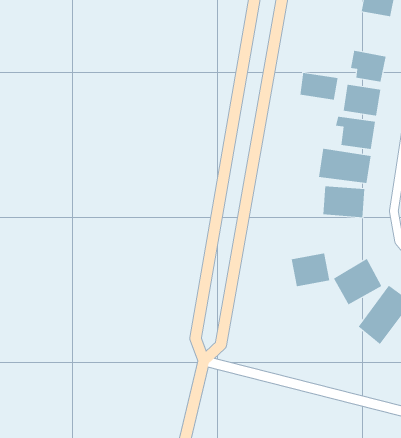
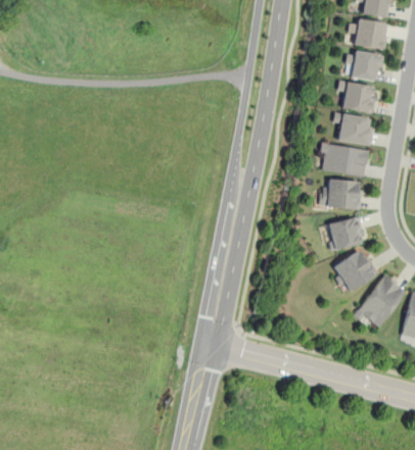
building: none -> [351,17,388,50]
building: [300,72,338,100] -> none
building: [291,253,330,287] -> [327,216,365,249]

